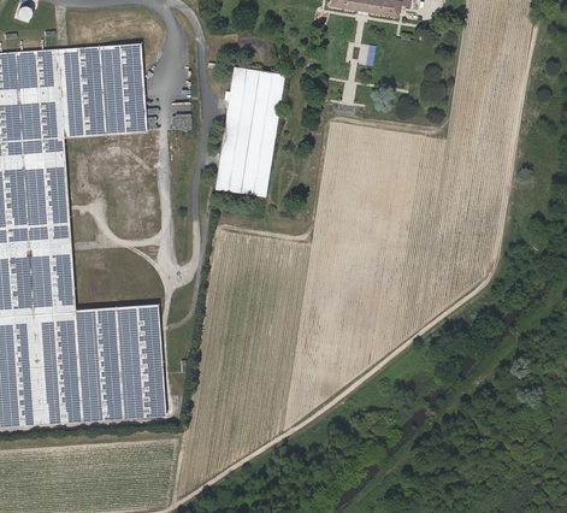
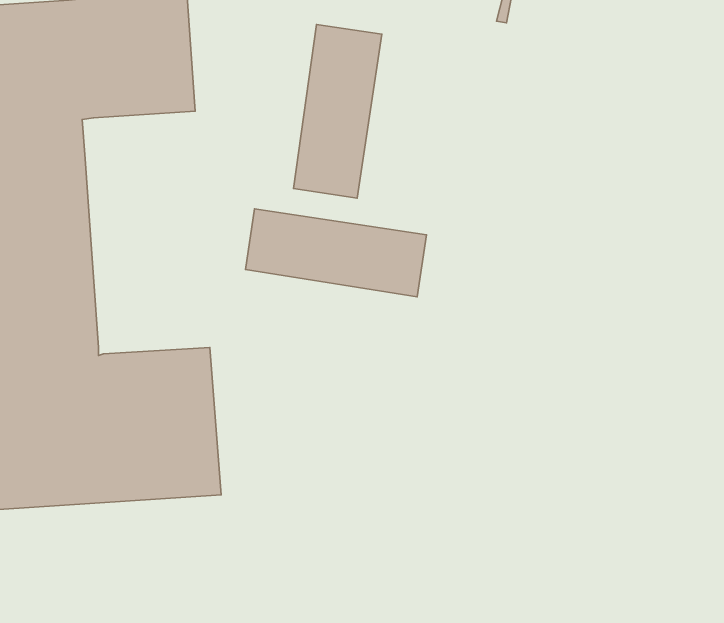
building: none -> [246,209,427,297]

